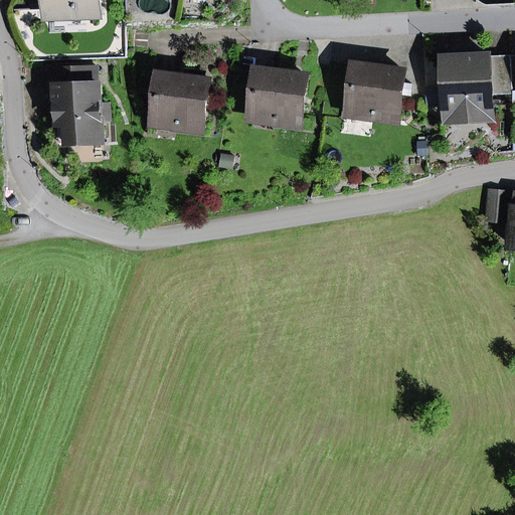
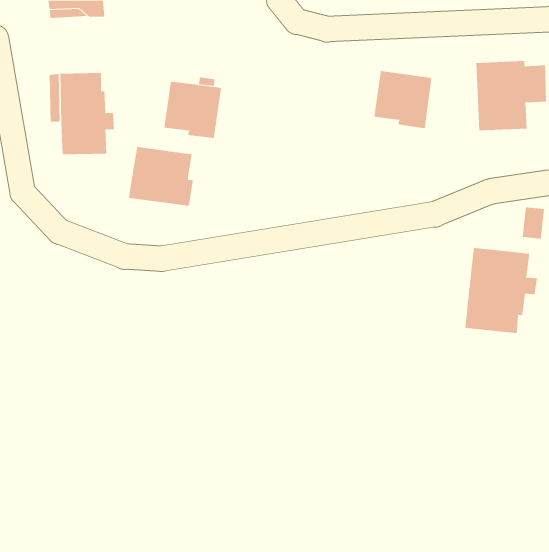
building: [249,71,304,126] -> none
building: none -> [129,146,194,207]
building: none -> [465,247,537,334]

